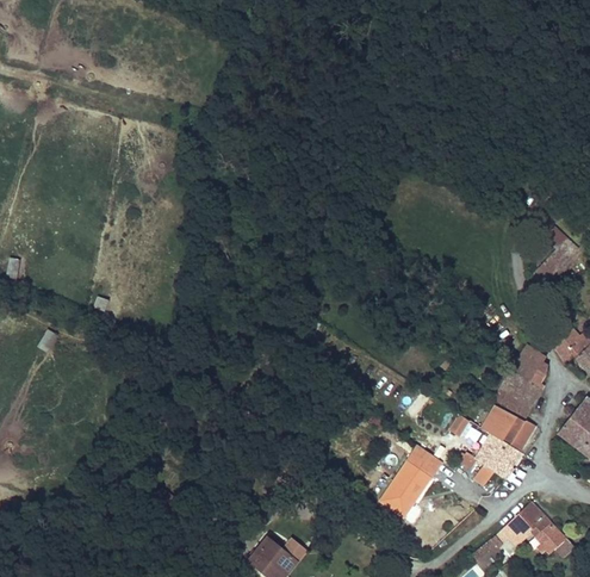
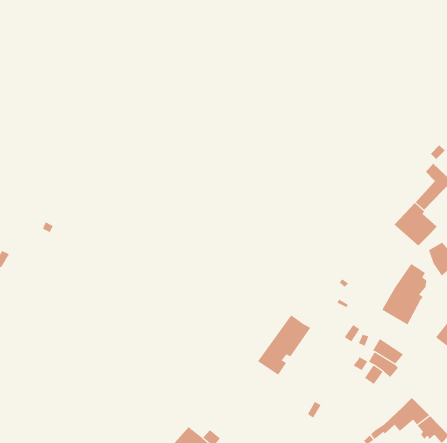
building: none -> [394,202,438,247]
building: [483,407,536,453] -> none
building: [380,446,443,517] -> [257,315,311,375]

